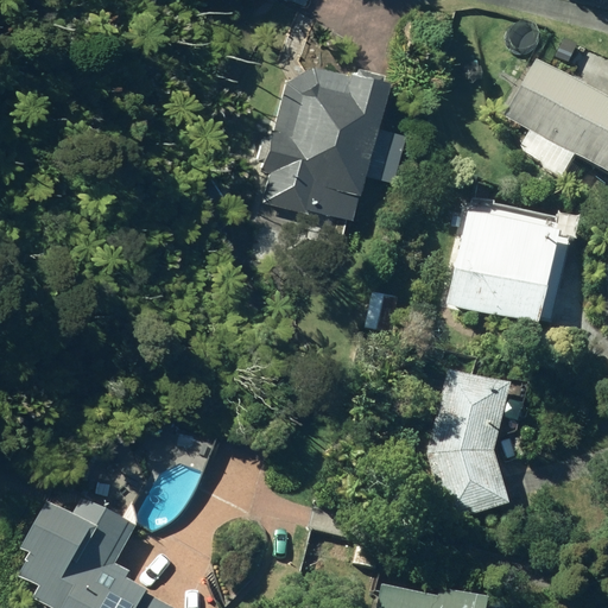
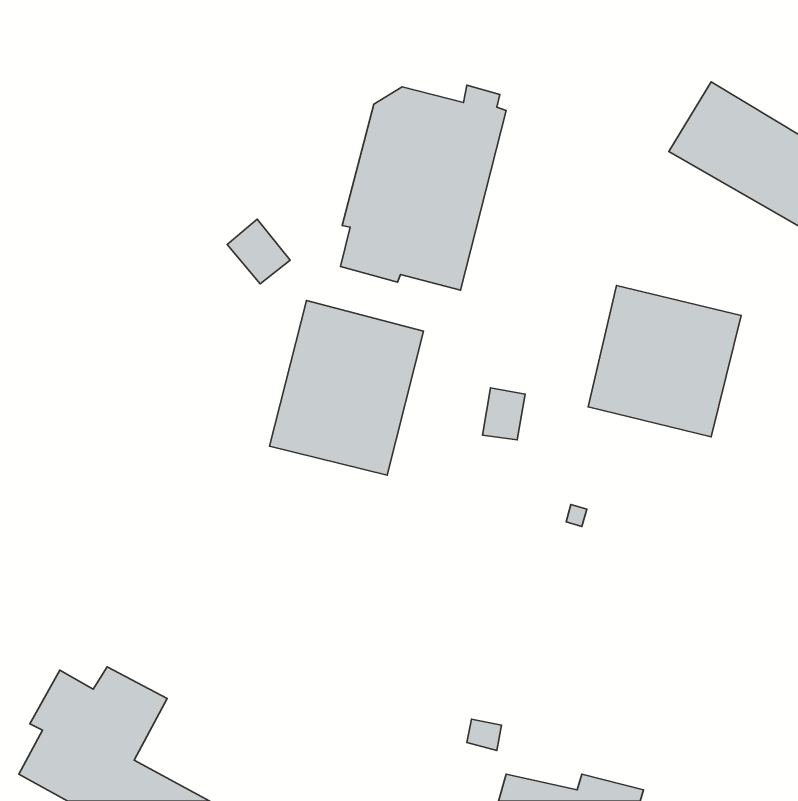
building: none -> [269,300,423,475]
building: [431,373,513,526] -> none

